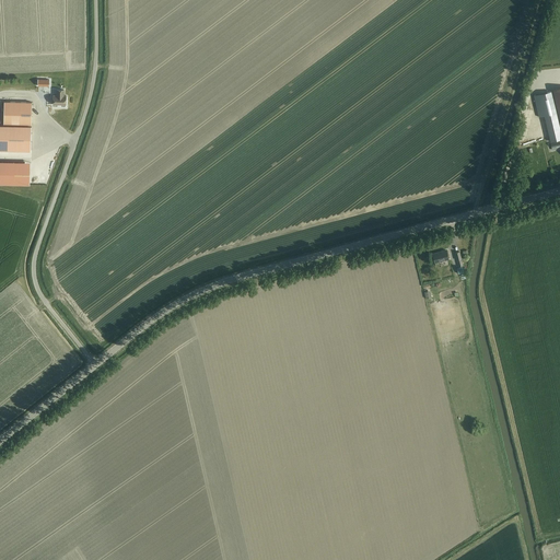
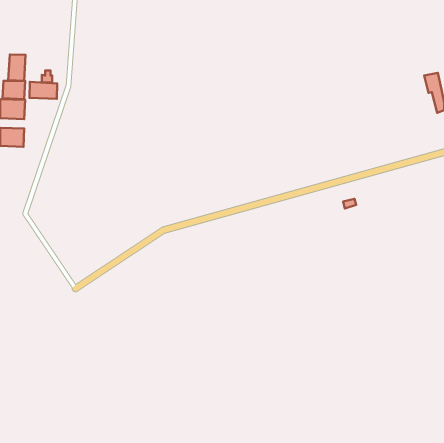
building: none -> [8,54,25,81]
building: none -> [29,82,57,99]

